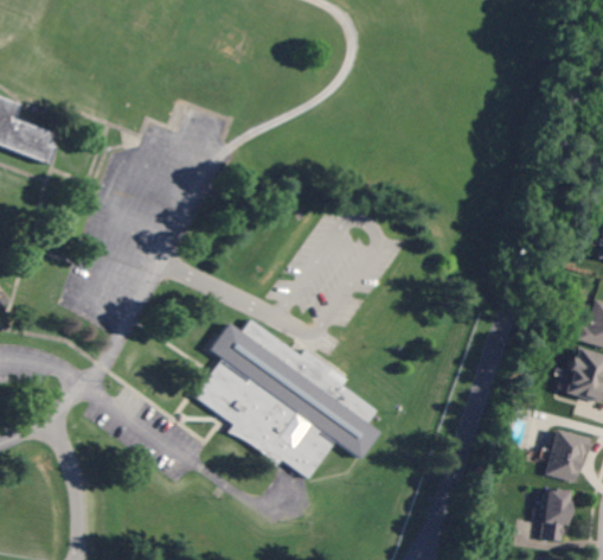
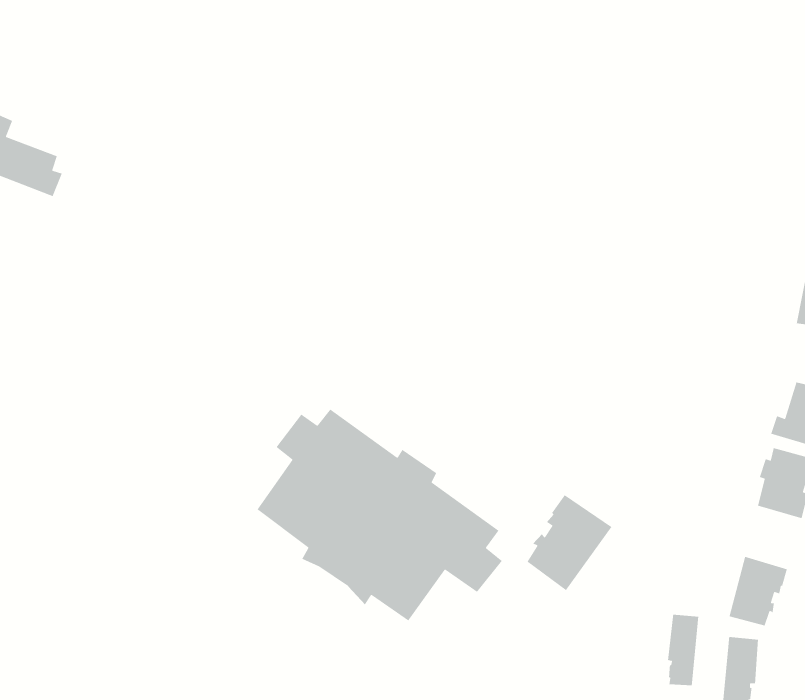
building: none -> [526,494,613,591]
building: none -> [667,614,699,686]

